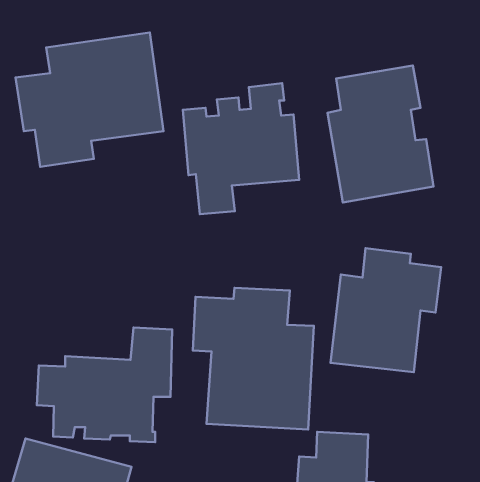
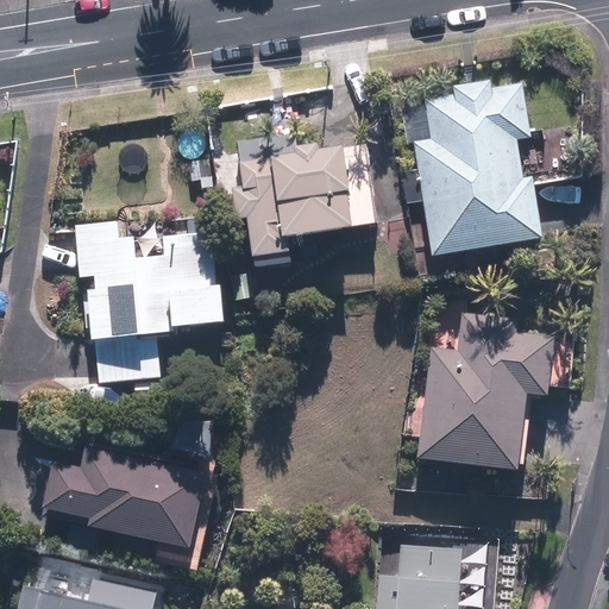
building: [16,33,164,167] -> none
building: none -> [73,214,252,404]
building: [193,288,314,430] -> none

